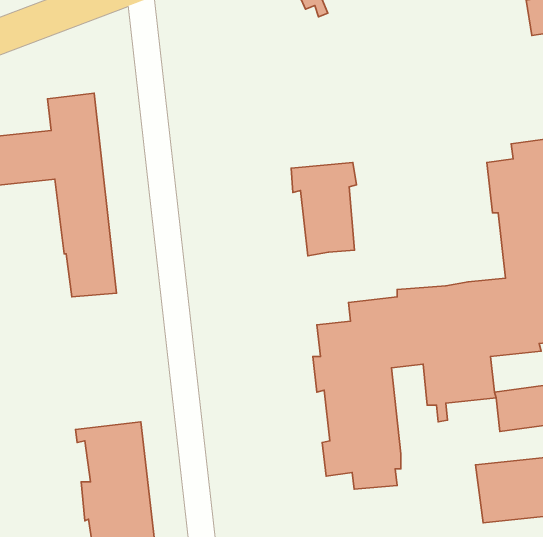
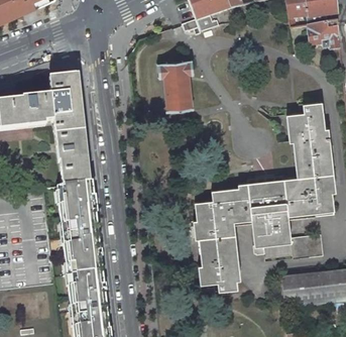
building: [291,163,357,256] -> [158,60,194,110]
building: none -> [59,183,100,257]

